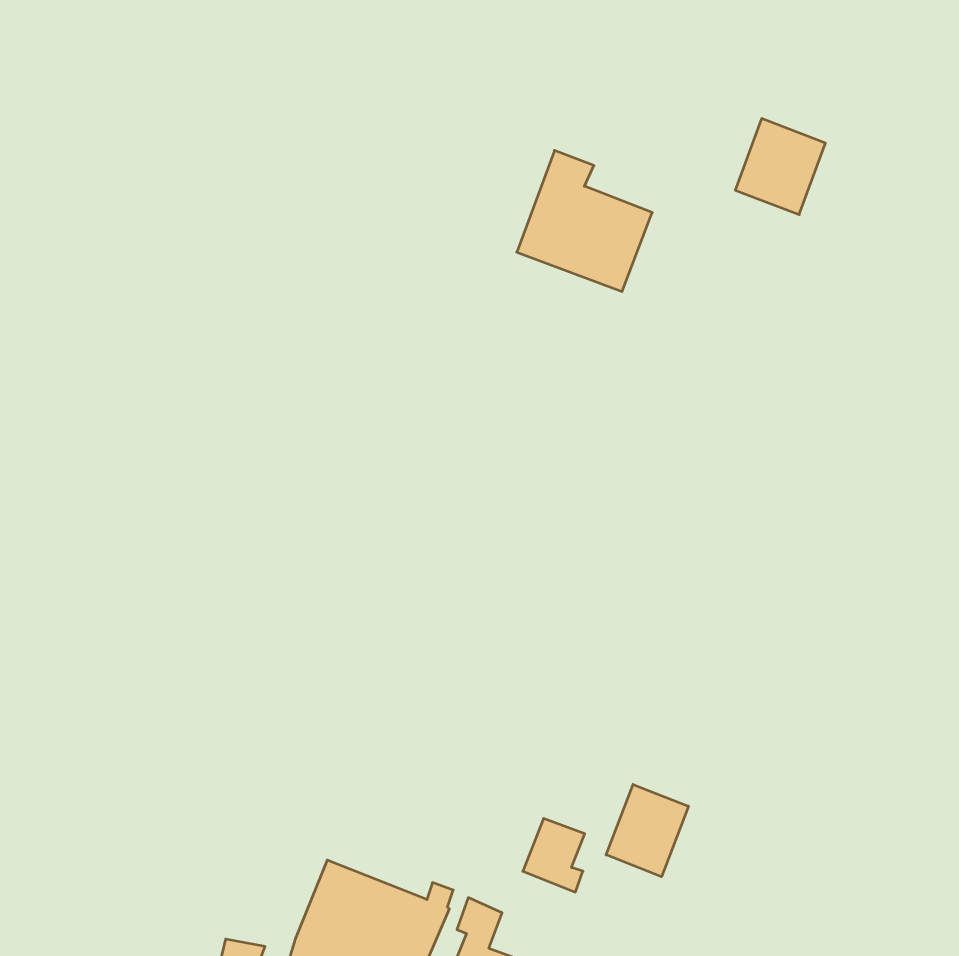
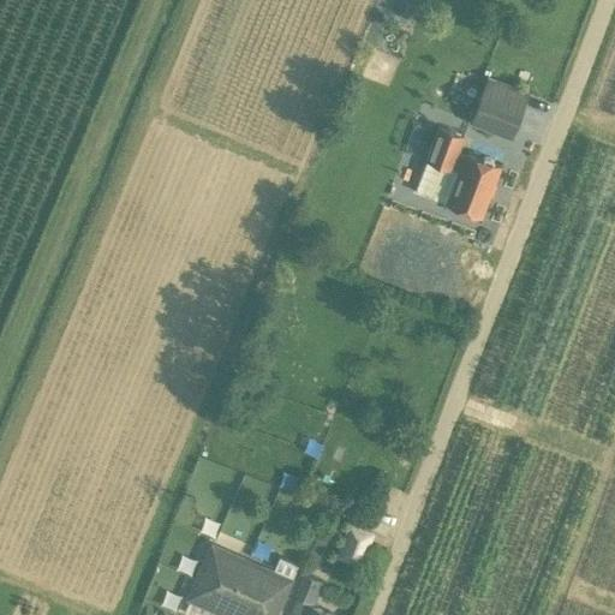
building: [517,150,652,292] -> [414,130,501,220]
building: [606,784,688,877] -> none

